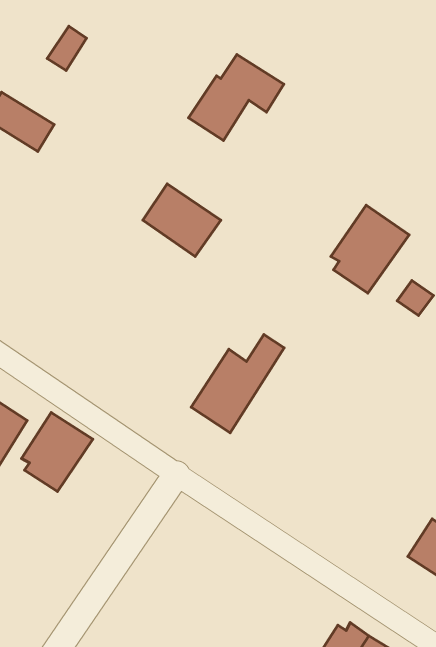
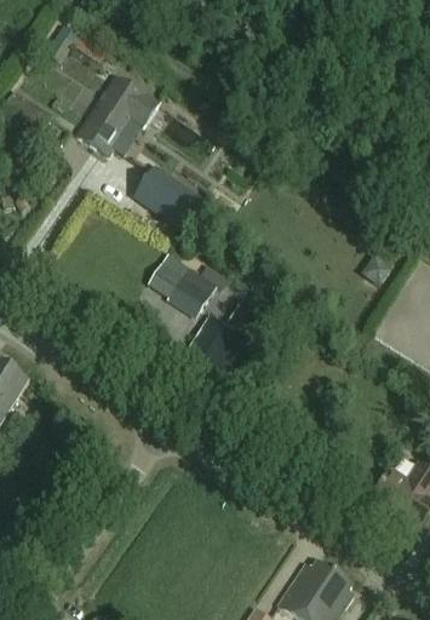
building: [188,54,284,141] -> [76,75,162,153]
building: [331,205,409,293] -> none
building: none -> [149,251,218,316]
building: [21,413,93,492] -> none

